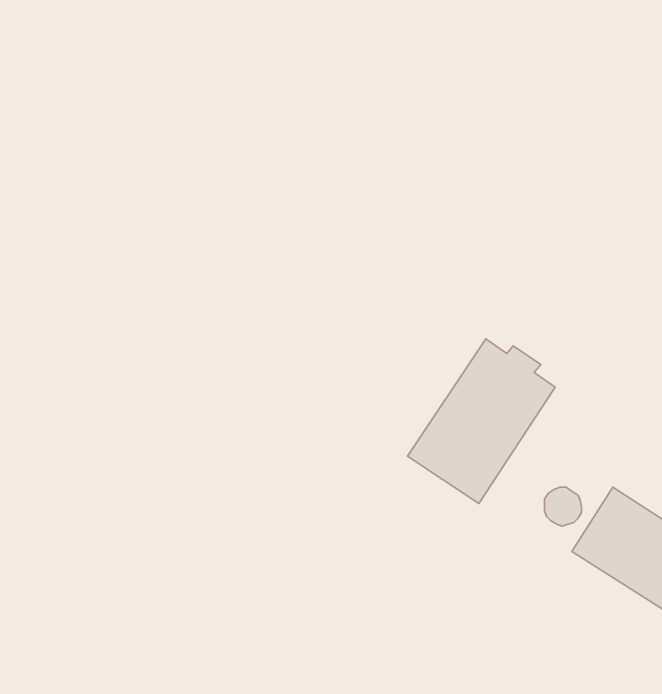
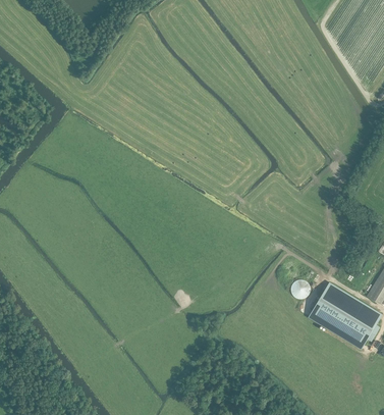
building: [408,339,555,504] -> none

